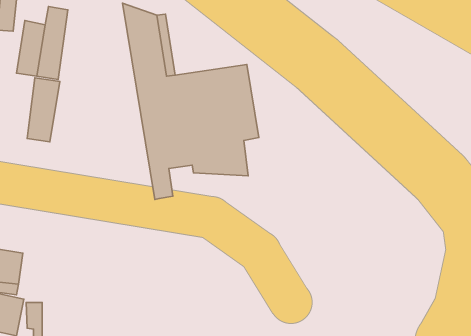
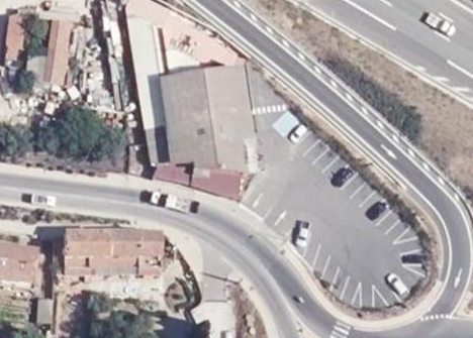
building: [27,78,60,142] -> none
building: none -> [51,230,169,277]

